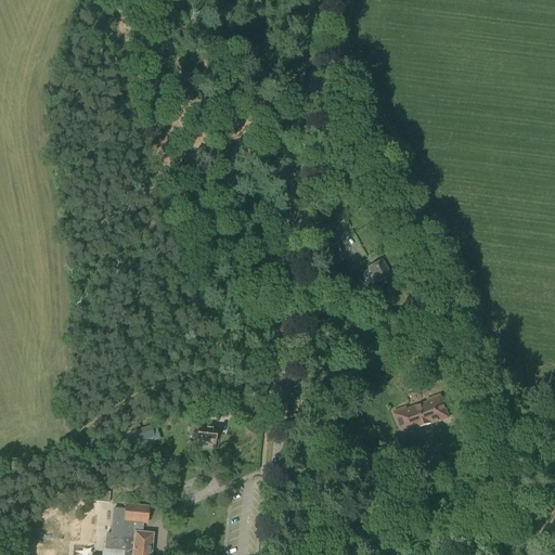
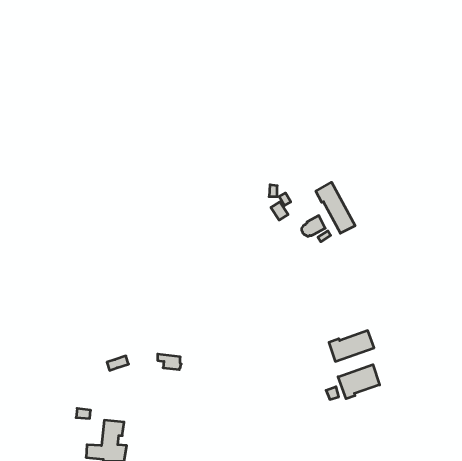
building: none -> [316,182,355,233]
building: none -> [338,365,380,399]

